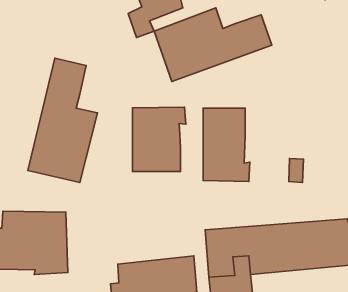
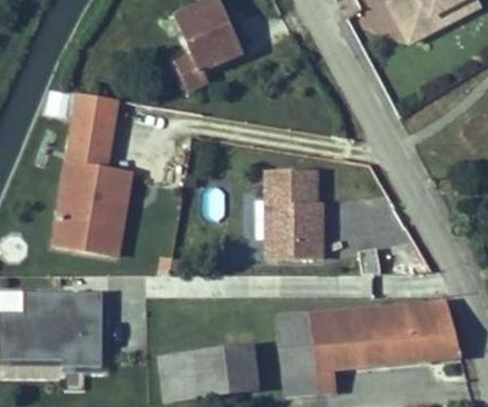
building: [154,8,272,81] -> none
building: [132,107,186,172] -> none

